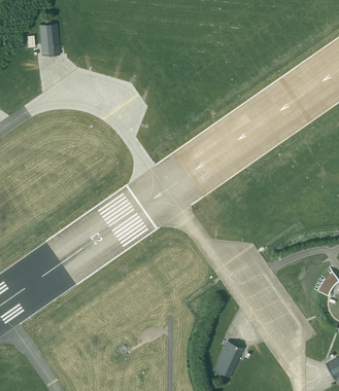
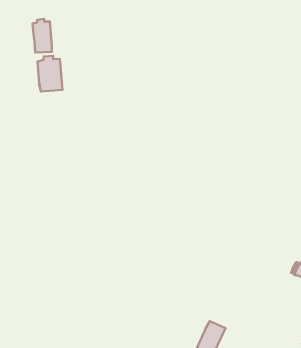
building: none -> [38,56,62,91]

